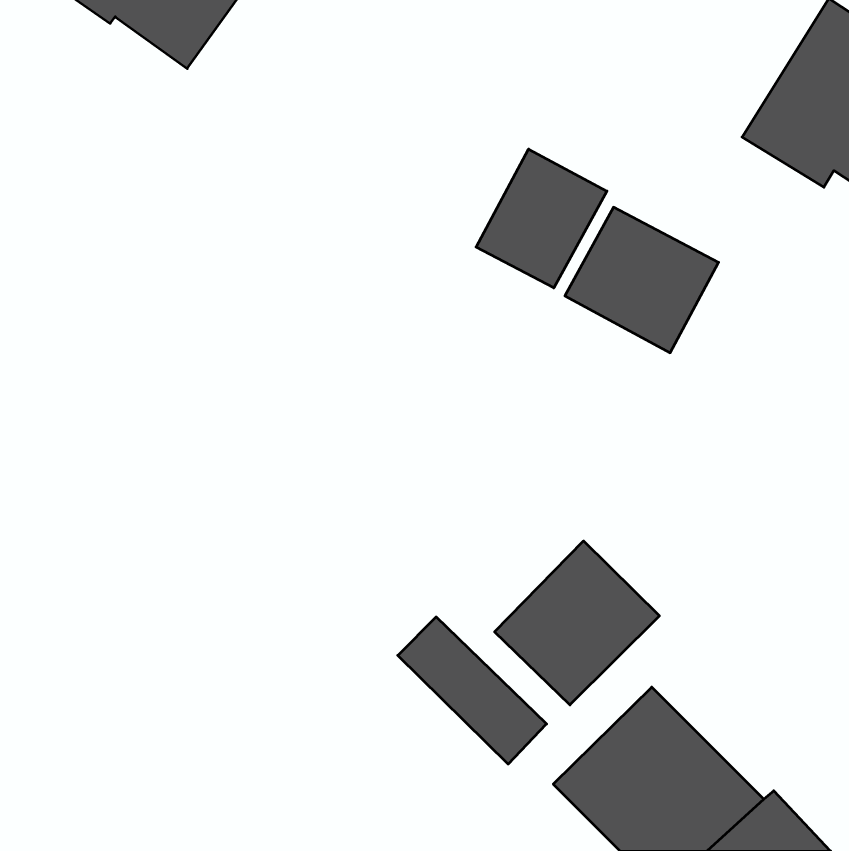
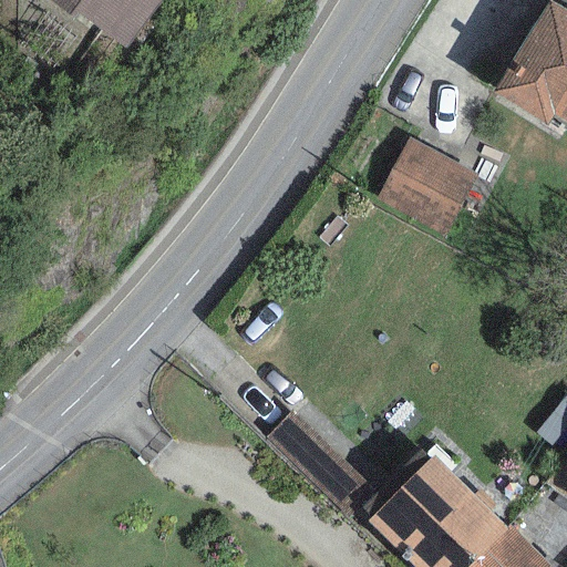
building: [476,149,607,288] -> none
building: [495,541,659,705] -> none

